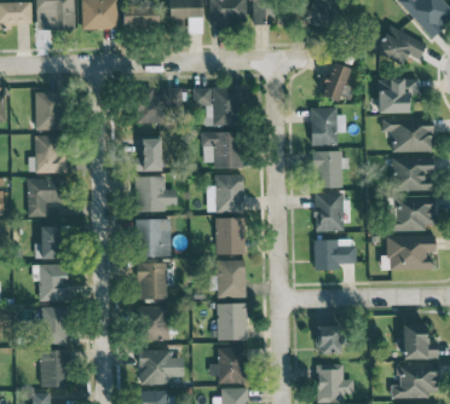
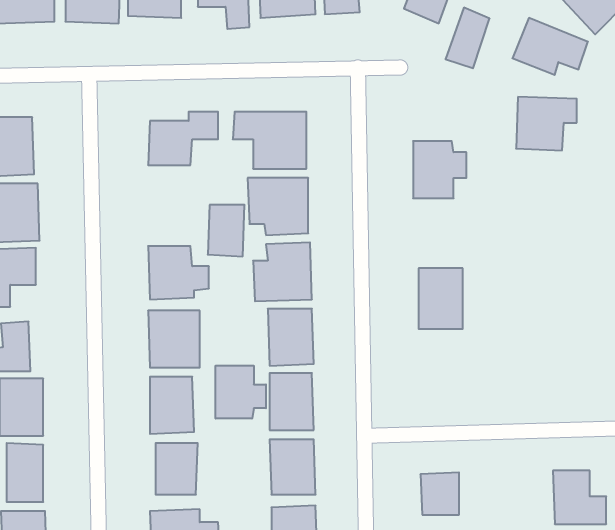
building: [321,62,350,102] -> [445,8,490,68]
building: [382,117,432,152] -> none
building: [138,138,162,172] -> [208,205,245,256]
building: [312,151,346,187] -> none
building: [392,157,434,191] -> none
building: [394,196,435,230] -> none
building: [381,236,435,270] -> none
building: [315,239,354,271] -> none
building: none -> [216,366,266,419]

